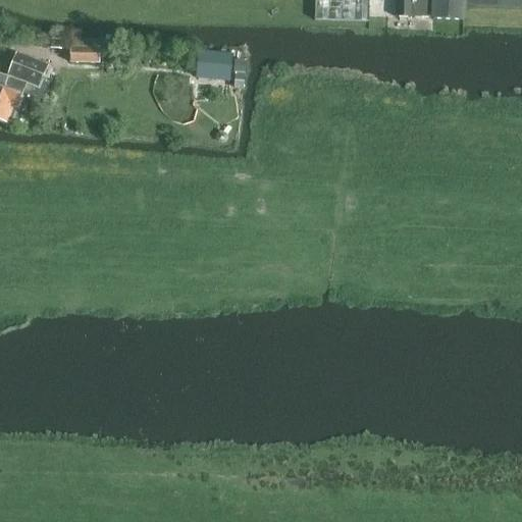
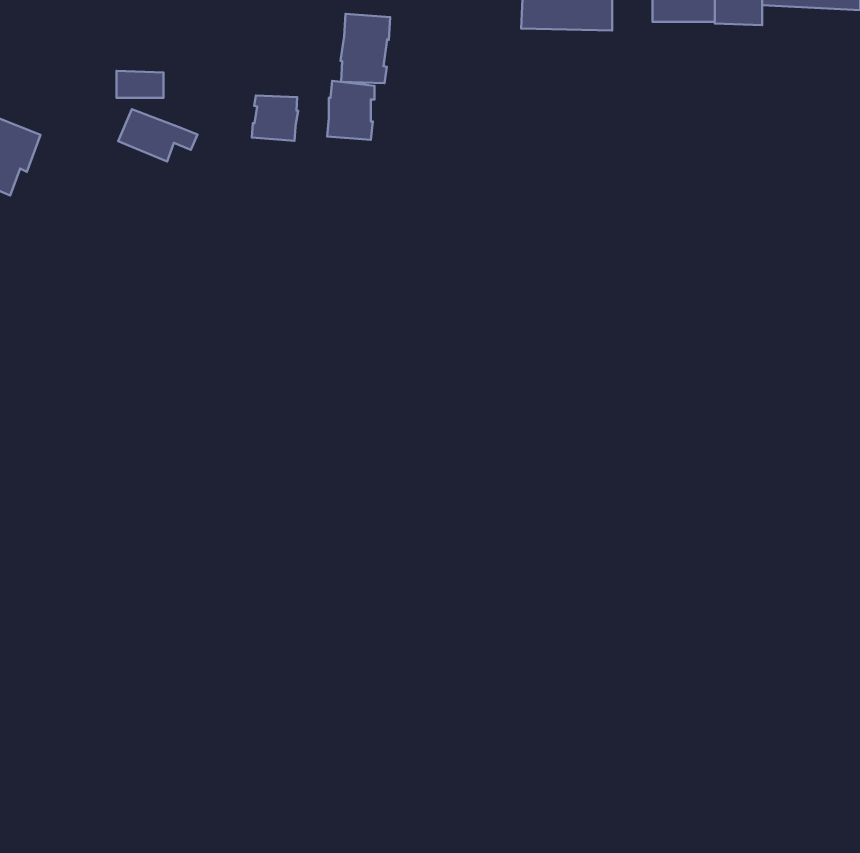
building: none -> [341,14,390,83]
building: [8,51,56,83] -> [118,109,198,162]
building: none -> [252,96,298,141]

